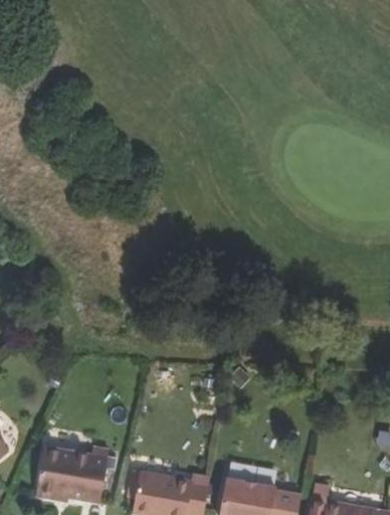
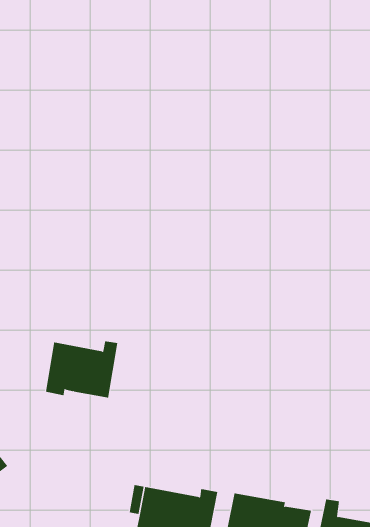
building: [39,447,110,502] -> [45,341,118,398]

